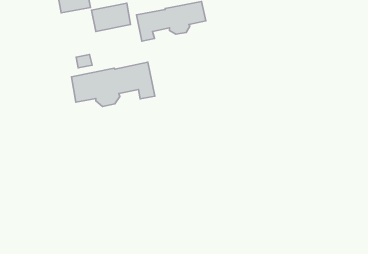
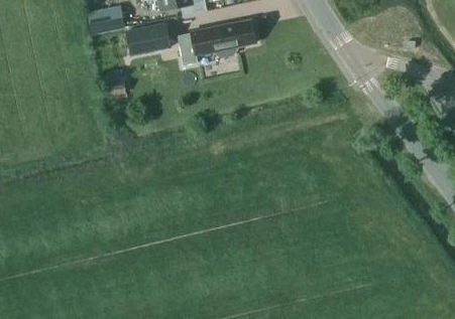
building: [72,62,155,107] -> none

